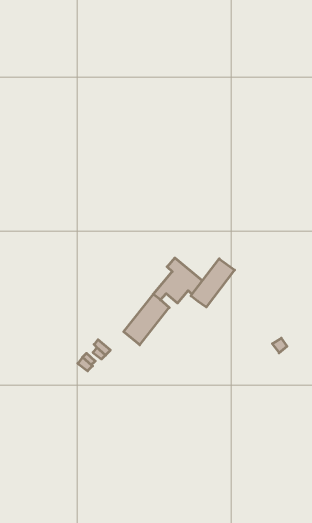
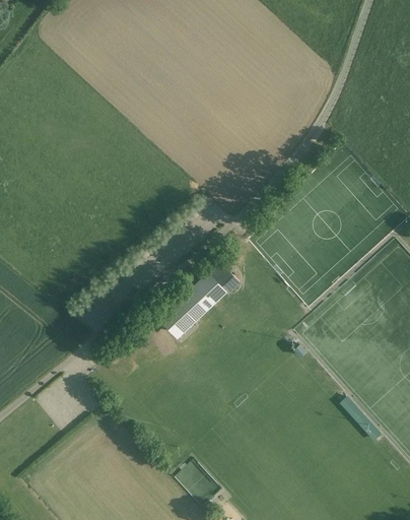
building: [191,259,235,307] -> none

